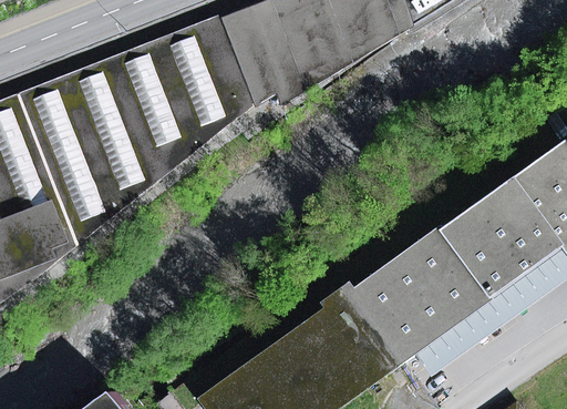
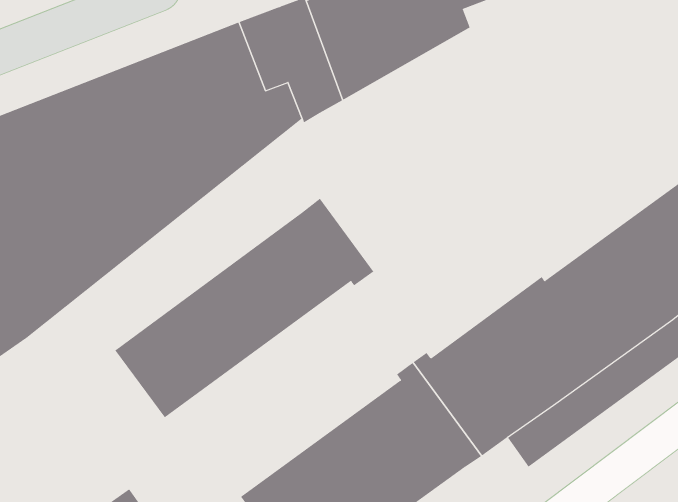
building: none -> [115,198,374,418]

